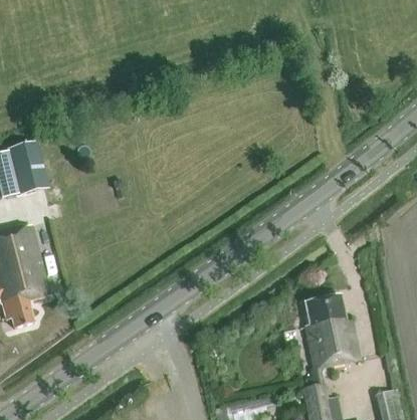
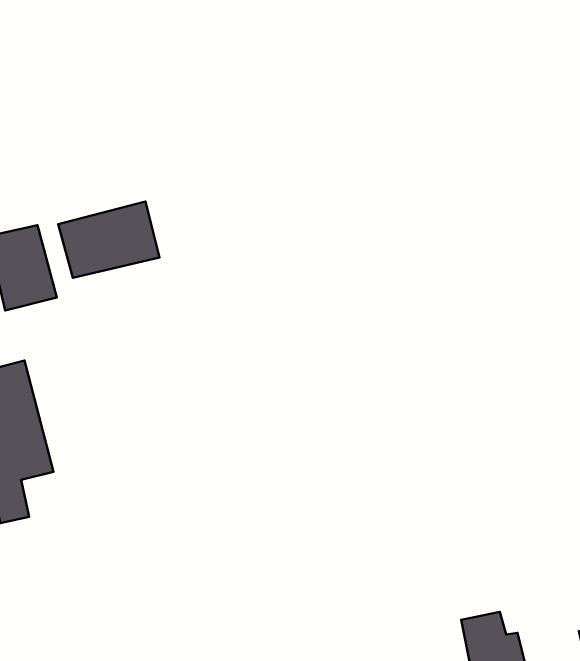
building: none -> [58,201,159,278]
building: [305,295,358,367] -> none

